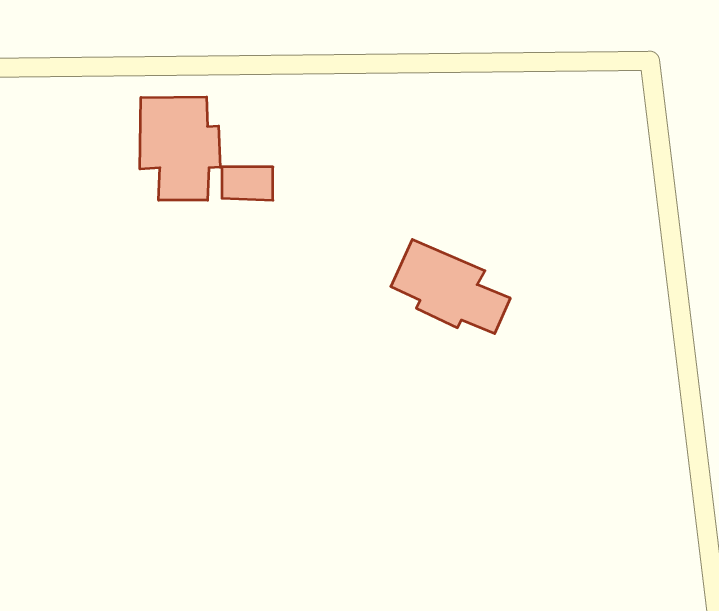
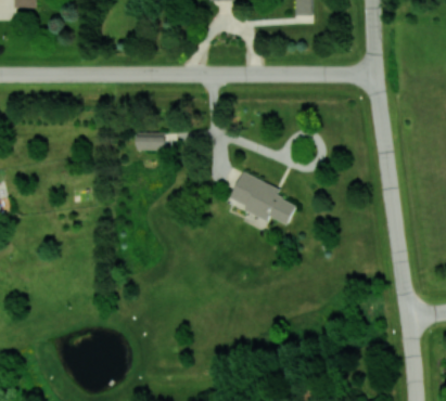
building: [140,97,220,200] -> none

